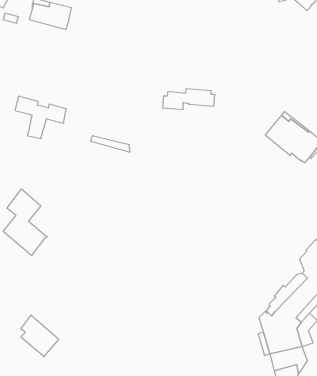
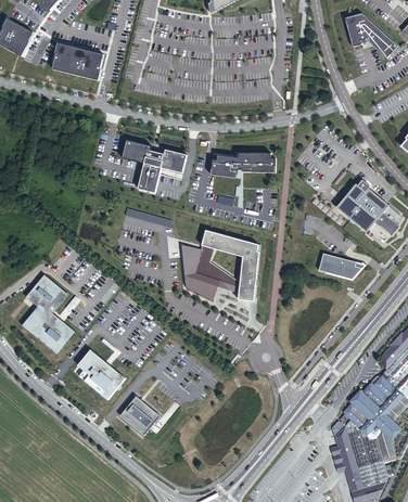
building: [15,96,66,139] -> [122,140,183,191]
building: none -> [182,229,260,300]
building: none -> [319,253,361,279]
building: none -> [122,395,162,435]
building: [21,315,59,357] -> [79,349,125,399]

